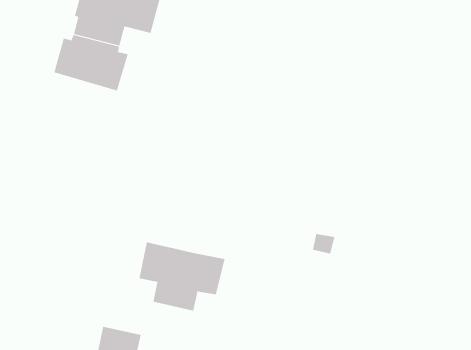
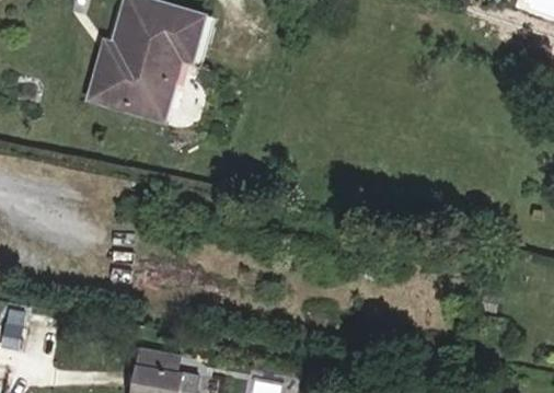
building: [139,242,225,312] -> none

